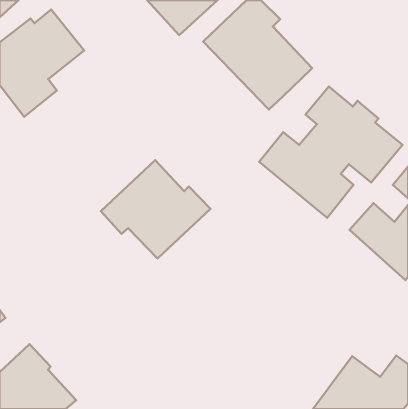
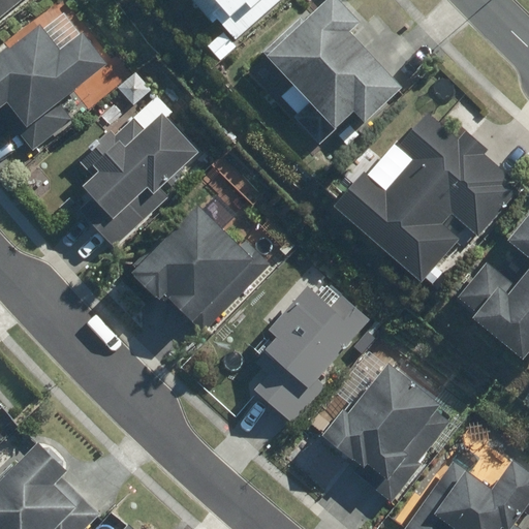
building: none -> [76,93,199,247]
building: none -> [249,272,369,426]
building: none -> [322,355,470,503]

